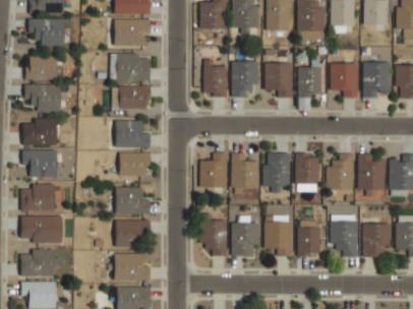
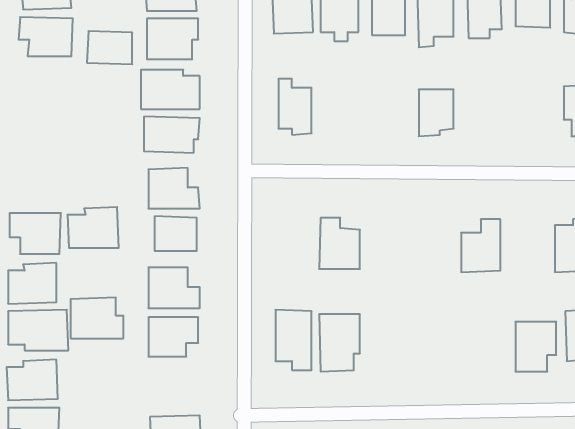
building: [26,56,57,78] -> [87,31,132,64]
building: [232,60,257,97] -> none
building: [363,61,391,97] -> none
building: [264,62,292,97] -> none
building: [331,62,358,97] -> none
building: [24,83,61,110] -> none
building: [22,117,57,144] -> [67,207,119,248]
building: [262,151,290,192] -> none
building: [199,152,227,187] -> none
building: [295,152,320,183] -> none
building: [358,152,386,189] -> none
building: [264,214,292,256] -> none
building: [331,214,357,256] -> none
building: [297,220,320,255] -> none
building: [115,252,151,280] -> [71,298,123,338]

